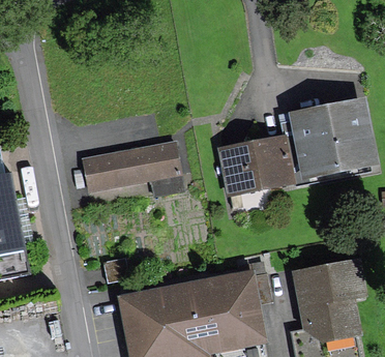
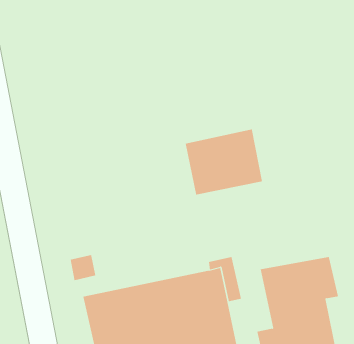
building: [280,96,379,184] -> none
building: [82,138,186,204] -> none

